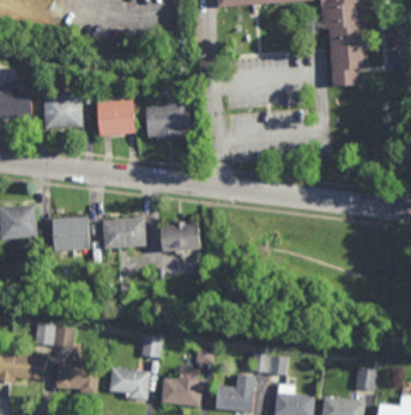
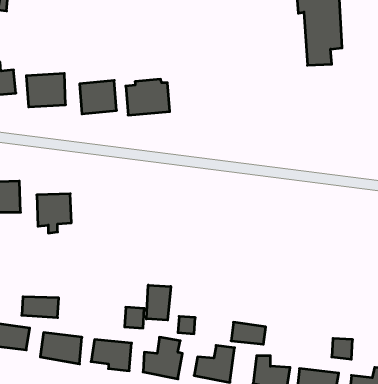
building: [101,218,145,249] -> none
building: [158,220,200,251] -> none
building: none -> [146,285,171,320]

